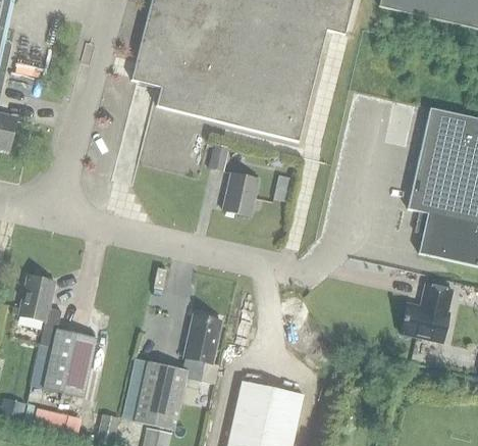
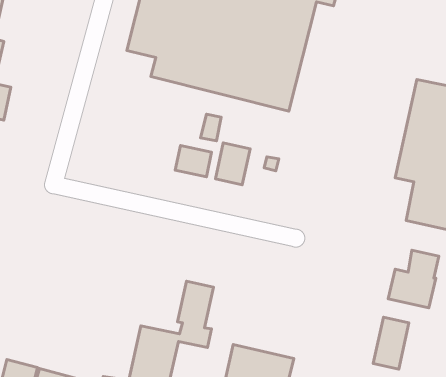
building: none -> [175,146,212,177]
building: [17,275,95,396] -> none
building: none -> [373,317,409,369]

